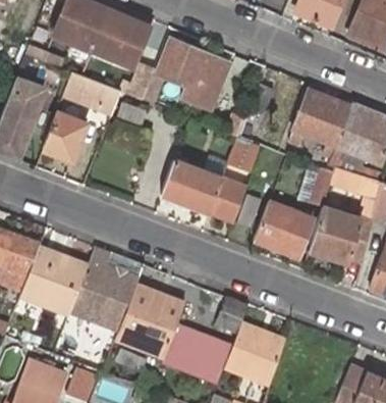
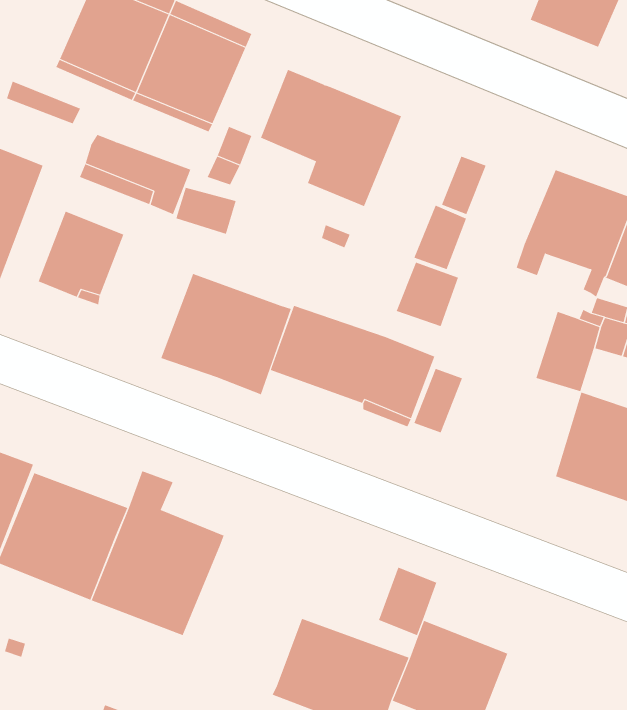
building: none -> [160,273,292,395]
building: [254,202,313,257] -> none
building: [115,286,184,359] -> none

